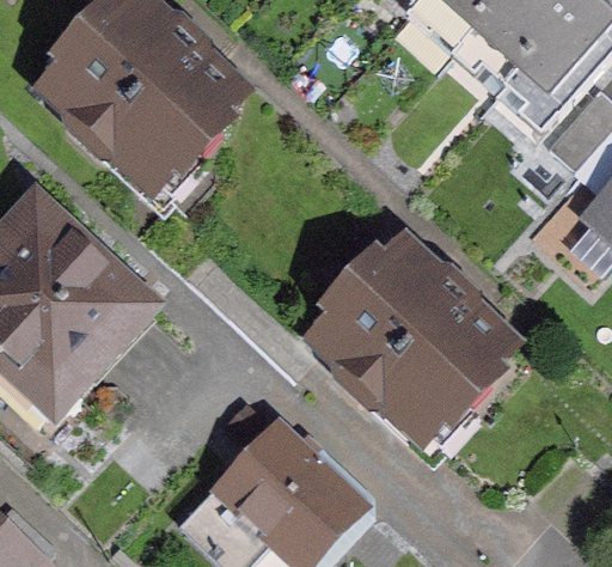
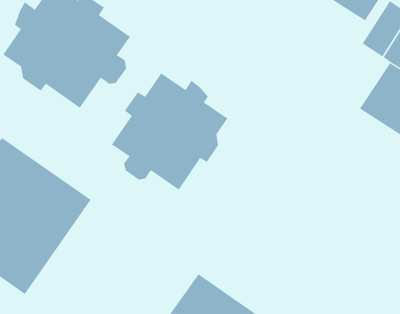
building: none -> [111,73,228,190]
building: [324,250,503,428] -> none

